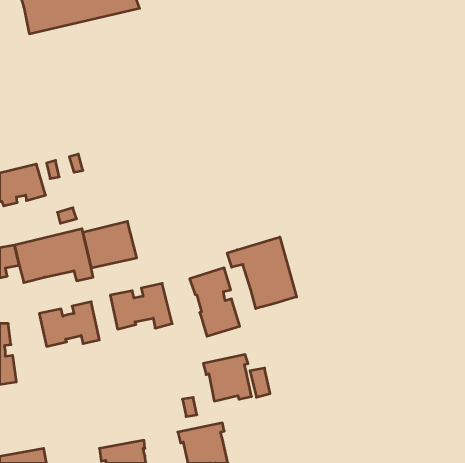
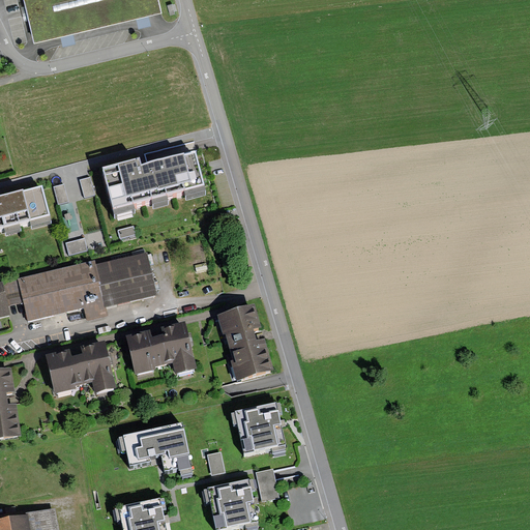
building: none -> [100,153,203,211]
building: [227,237,297,309] -> none
building: [250,368,270,397] -> [255,468,277,501]
building: none -> [123,424,192,472]

